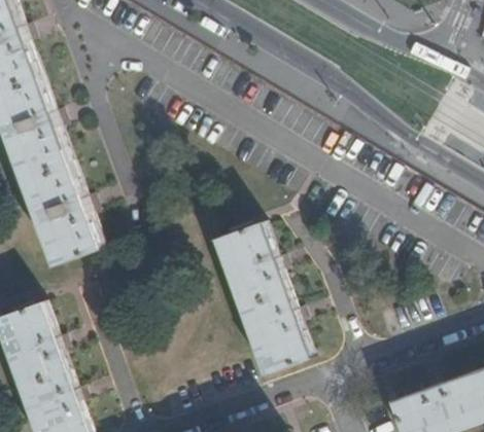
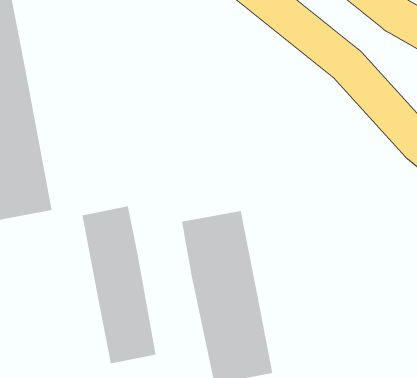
building: none -> [82,205,156,364]

